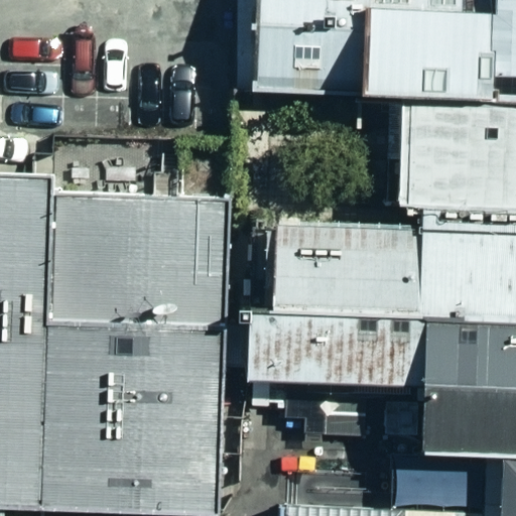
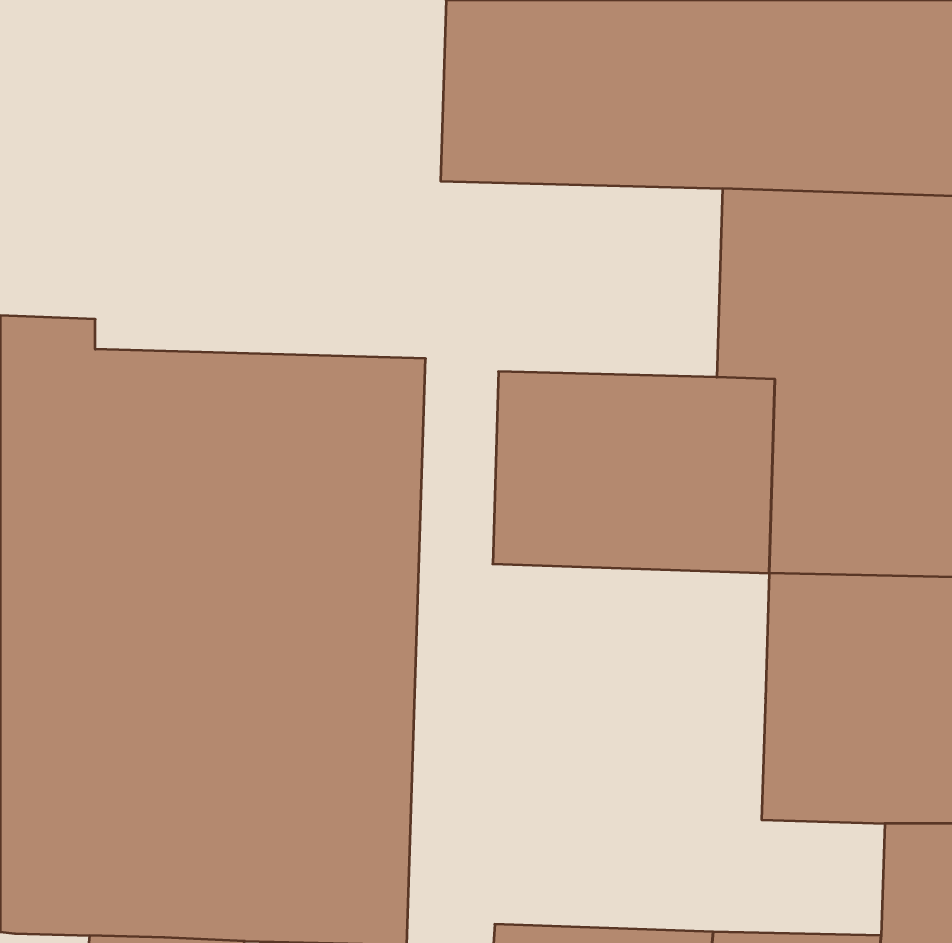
building: [243,310,416,383] -> none

